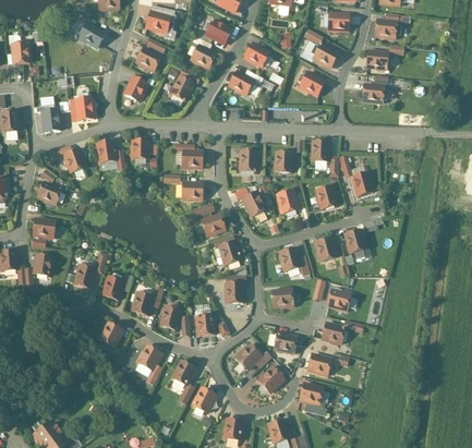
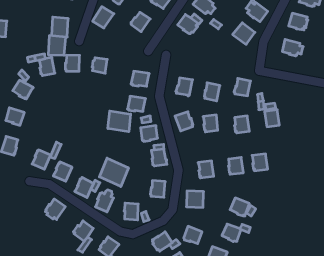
building: [38,110,60,135] -> [48,36,66,55]
building: none -> [108,111,131,132]
building: none -> [99,158,128,187]

